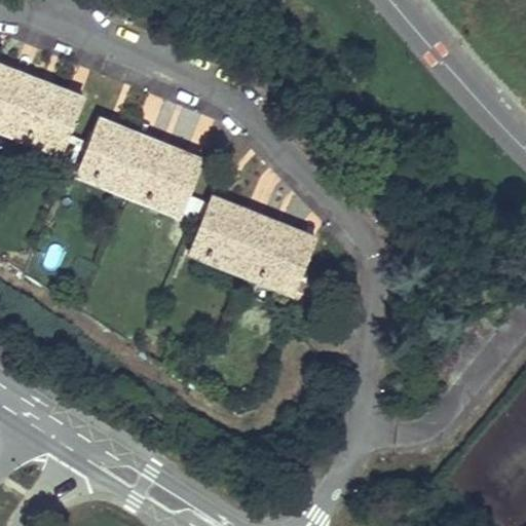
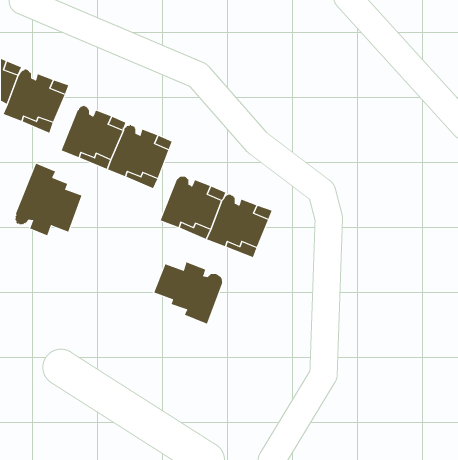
building: none -> [14,163,82,236]
building: none -> [153,261,223,324]

